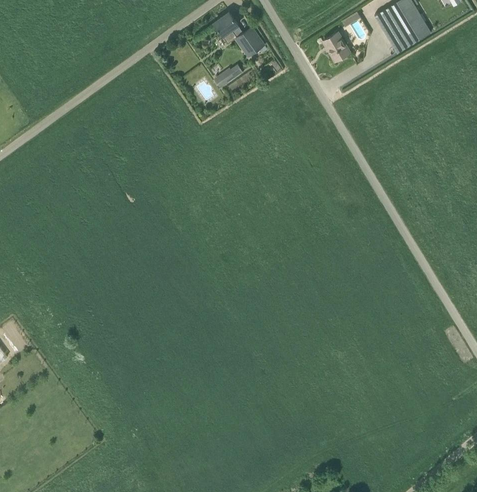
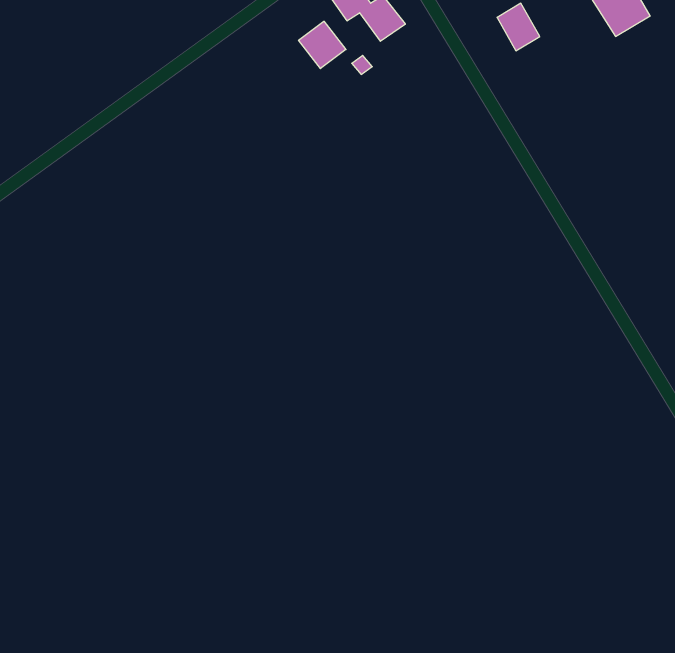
building: none -> [299,21,346,69]

